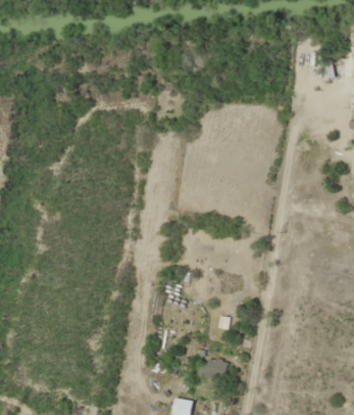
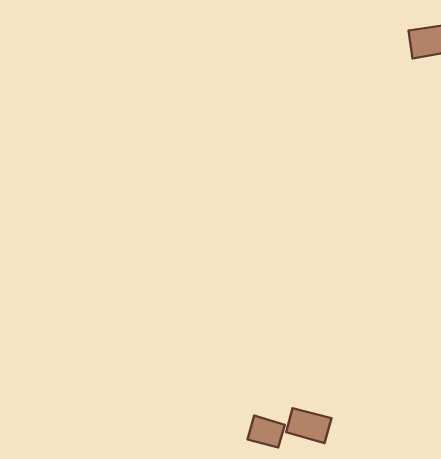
building: none -> [286,408,331,443]

